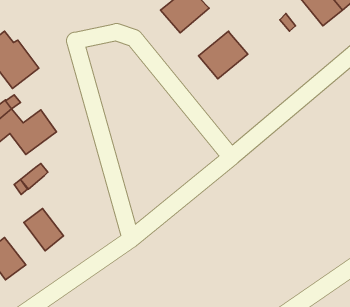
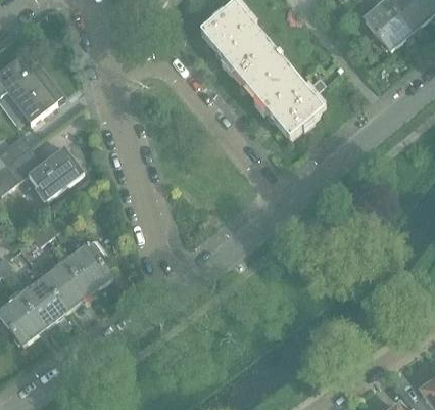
building: none -> [225,29,284,84]
building: none -> [269,75,327,137]
building: none -> [65,238,113,292]
building: none -> [21,277,68,326]

